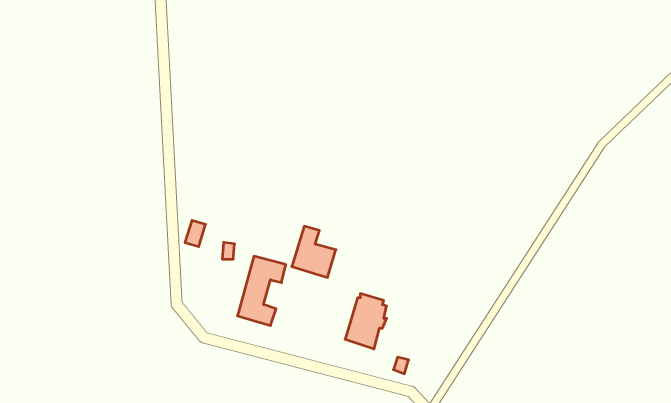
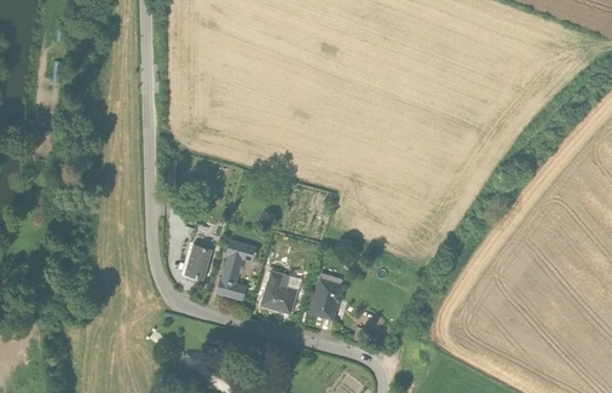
building: [292,226,336,277] -> [260,268,299,313]
building: none -> [183,245,212,281]

